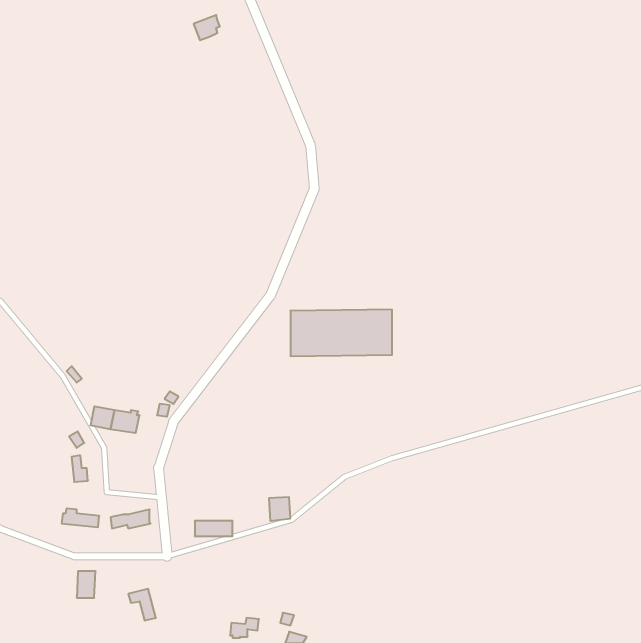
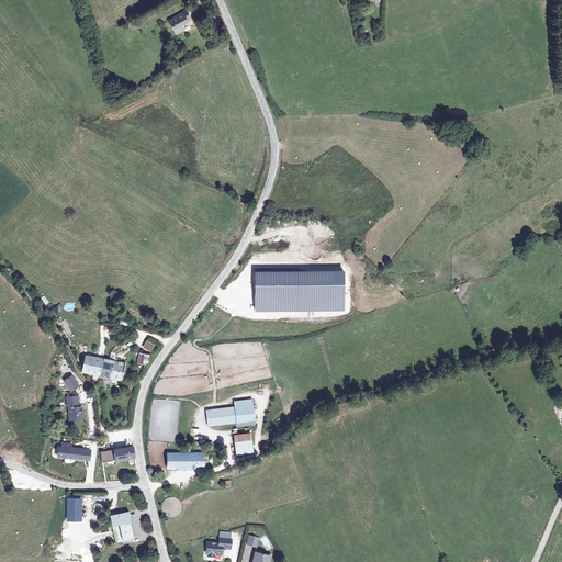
building: none -> [207,401,255,426]

